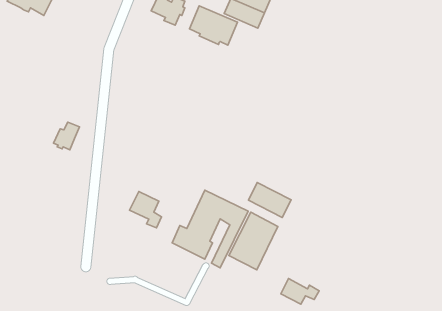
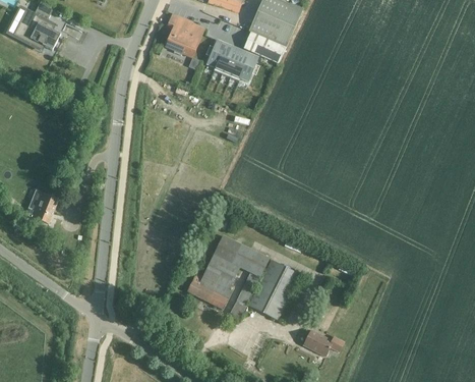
building: [53,122,79,150] -> [31,194,58,223]
building: [248,183,291,217] -> none
building: [129,192,162,228] -> none

